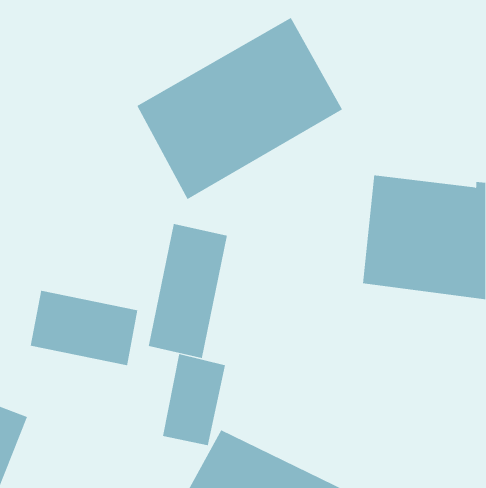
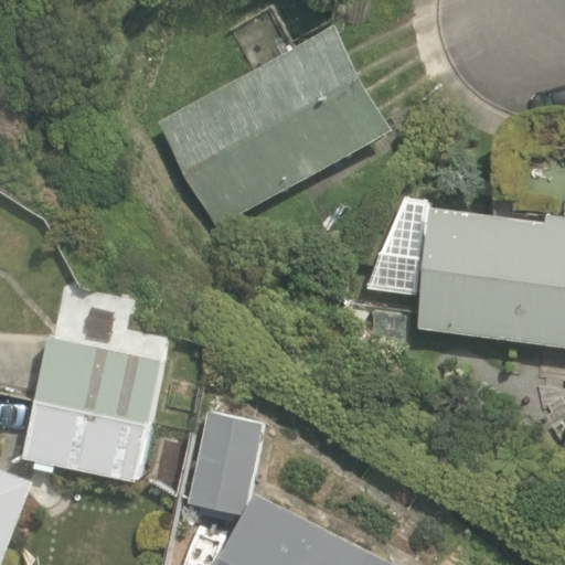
building: [148,223,228,359] -> none
building: none -> [21,401,147,484]

